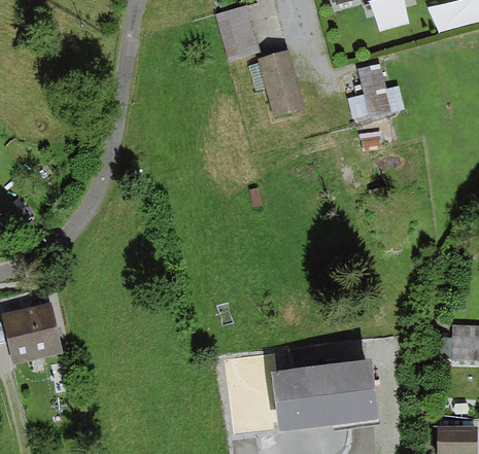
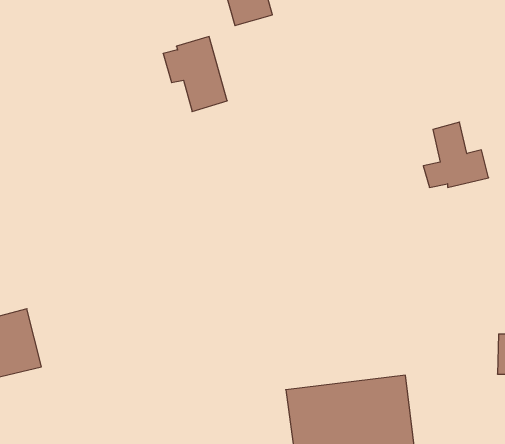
building: [249,51,304,115] -> [163,37,227,112]
building: [349,61,405,116] -> [423,122,489,187]

